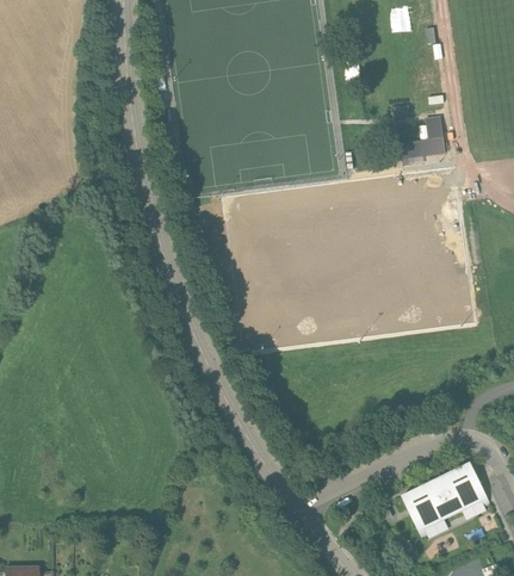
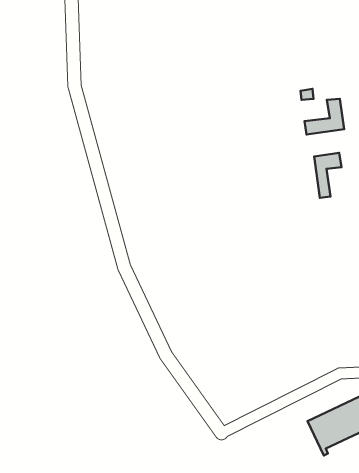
building: none -> [314,153,342,198]

